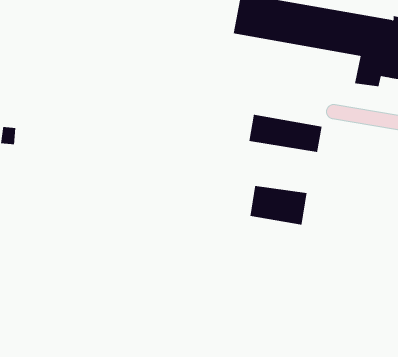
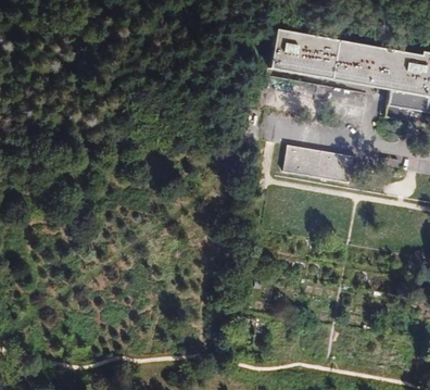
building: [250,185,307,225] -> none

